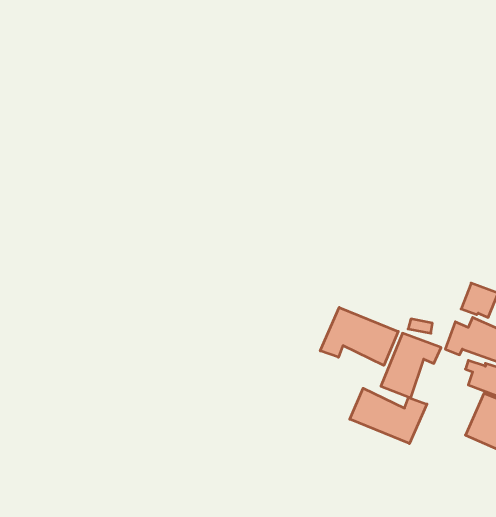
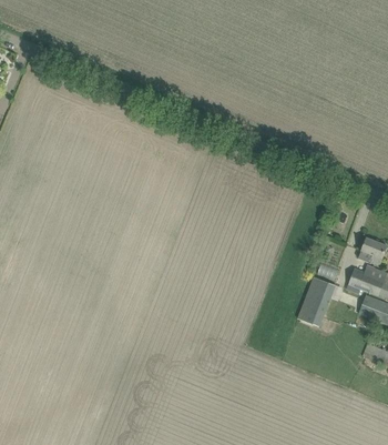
building: [320,307,398,365] -> none
building: [350,388,427,444] -> none

